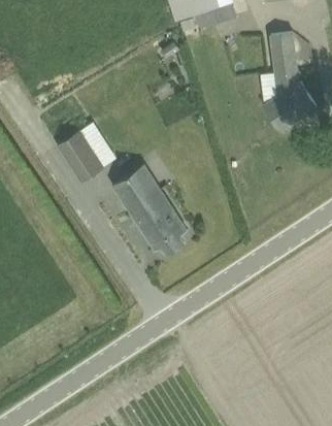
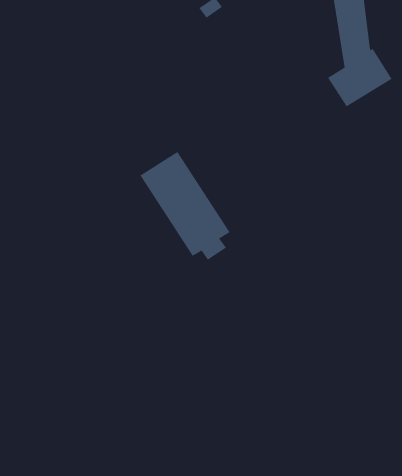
building: [58,130,105,183] -> none

